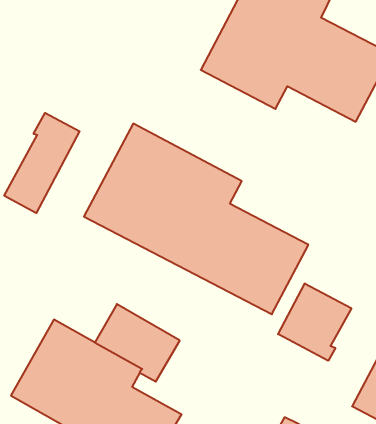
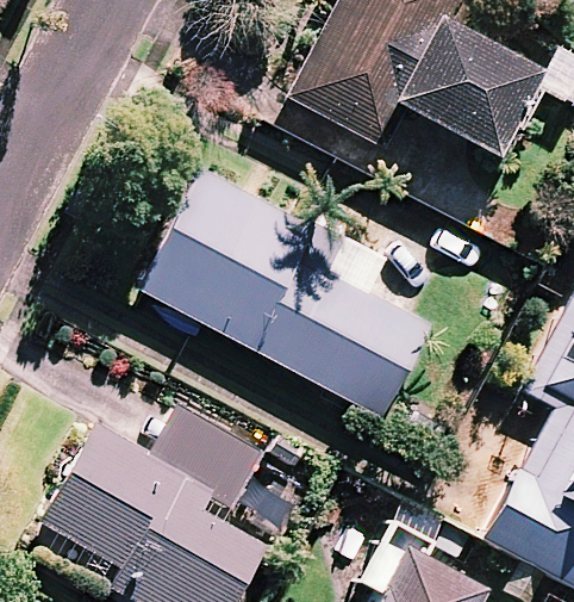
building: [4,113,80,213] -> none
building: [278,283,351,361] -> none

